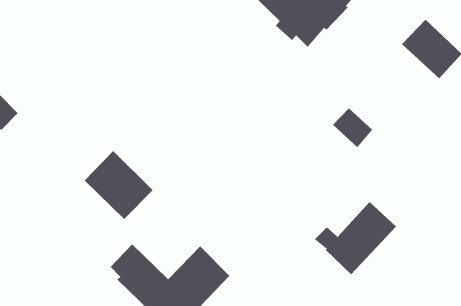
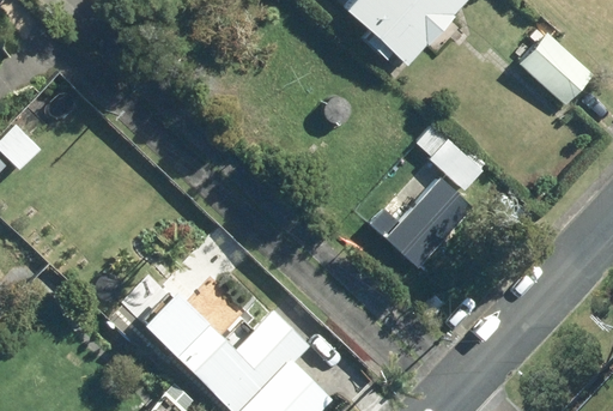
building: [84,150,153,220] -> none
building: [314,201,397,275] -> [370,176,472,267]

